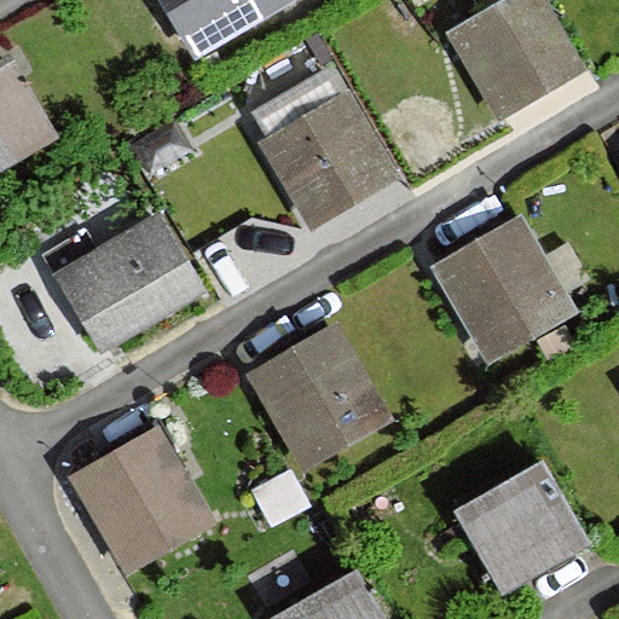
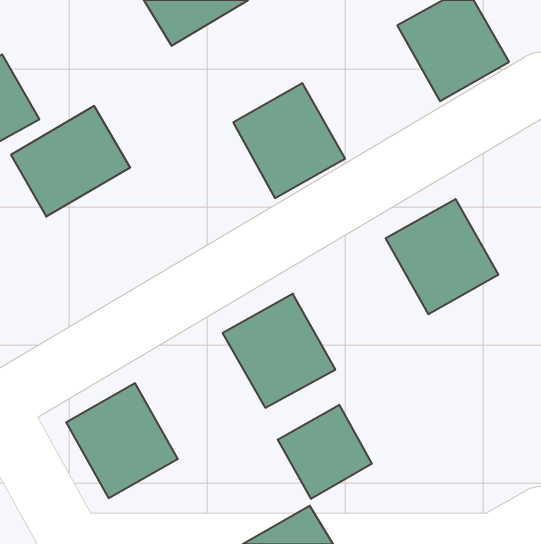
building: [62,220,197,346] -> [11,106,130,217]
building: none -> [278,405,372,499]
building: [457,462,588,591] -> none

